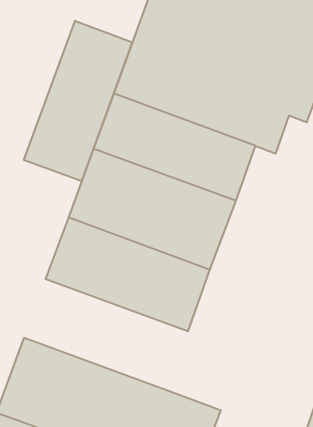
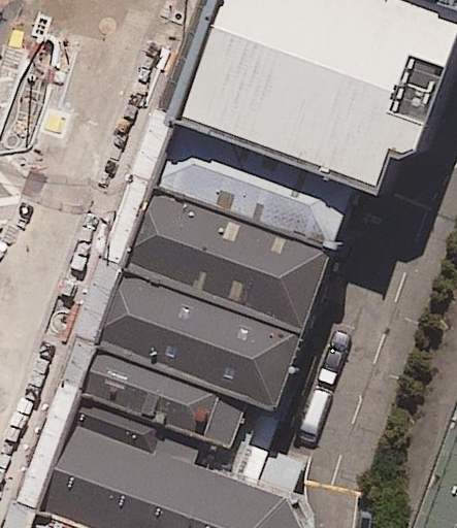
building: [24,21,132,181] -> none
building: none -> [71,344,272,481]

